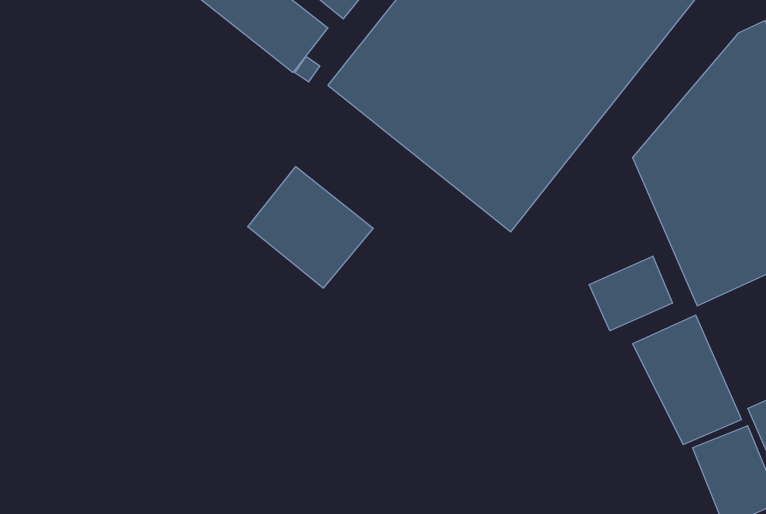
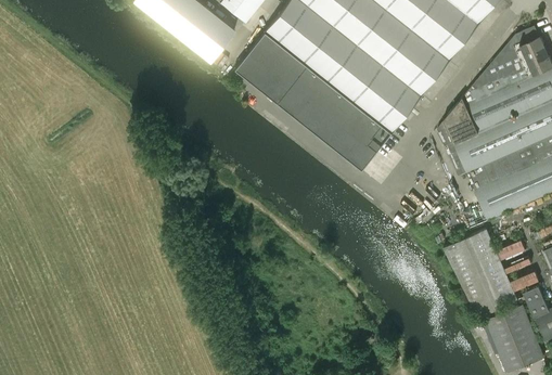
building: [248,167,373,288] -> none
building: [589,256,673,331] -> none

